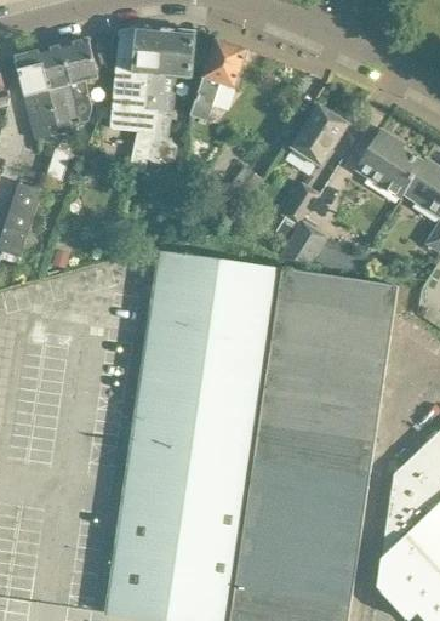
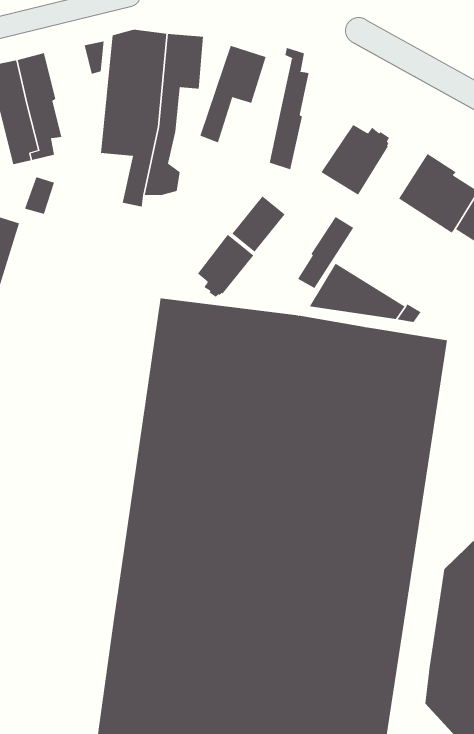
building: [62,39,98,123] -> none
building: none -> [269,47,309,170]
building: none -> [197,234,254,298]

